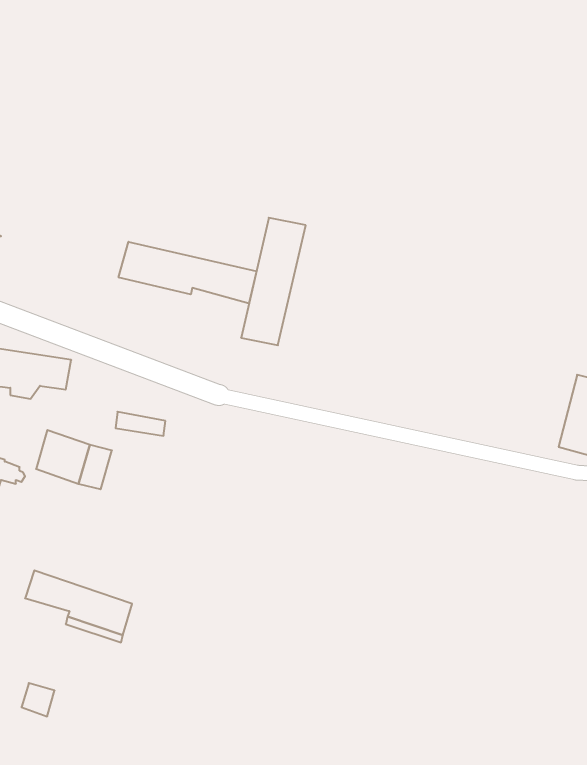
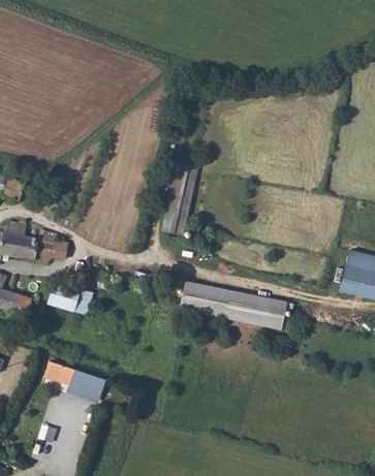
building: [119,242,256,303] -> none
building: none -> [179,284,285,330]

